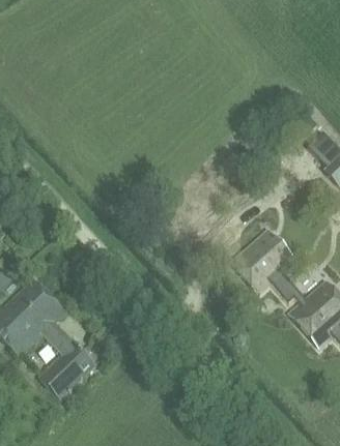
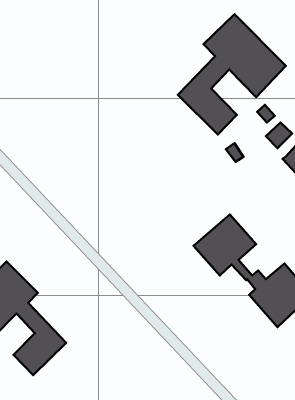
building: none -> [178,14,286,135]

